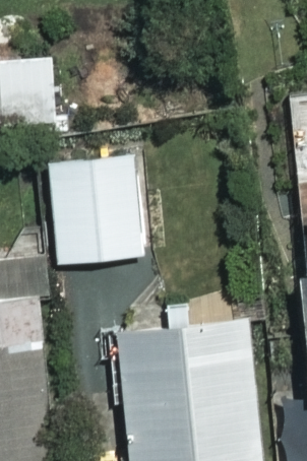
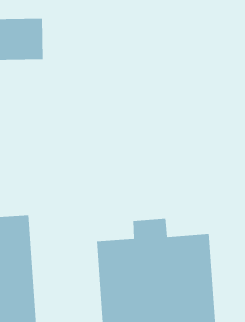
building: [50,163,140,264] -> none

